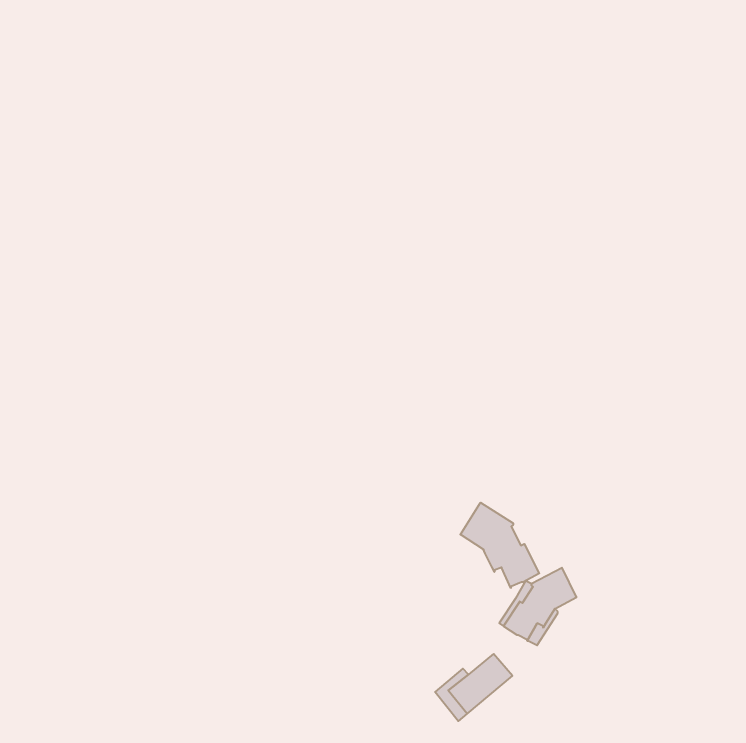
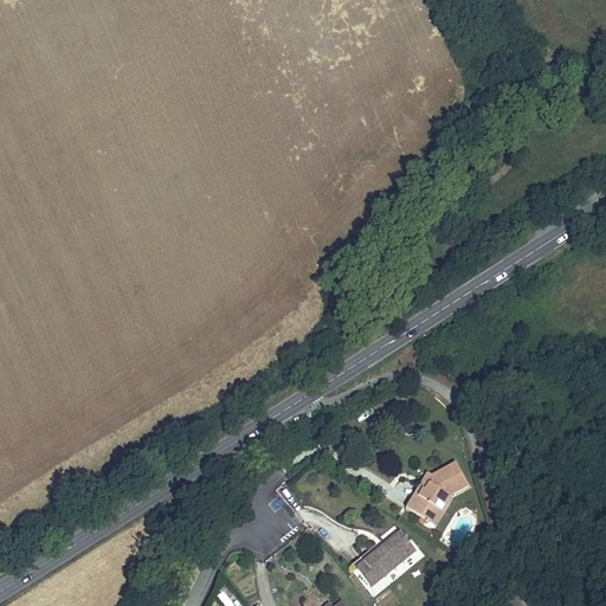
building: [460,503,539,588] -> none

